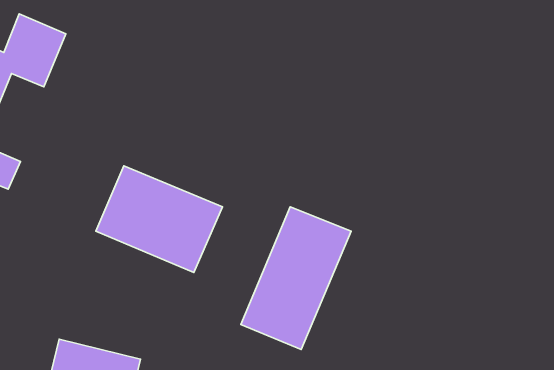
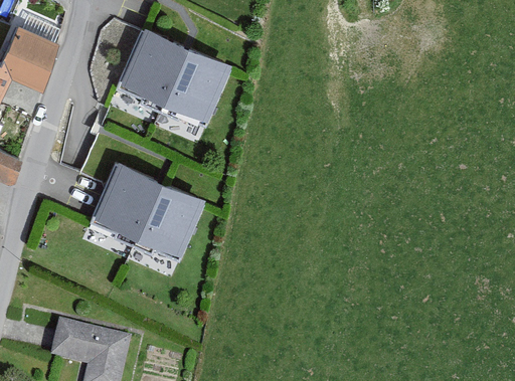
building: none -> [114,26,229,126]
building: [241,207,351,349] -> none

